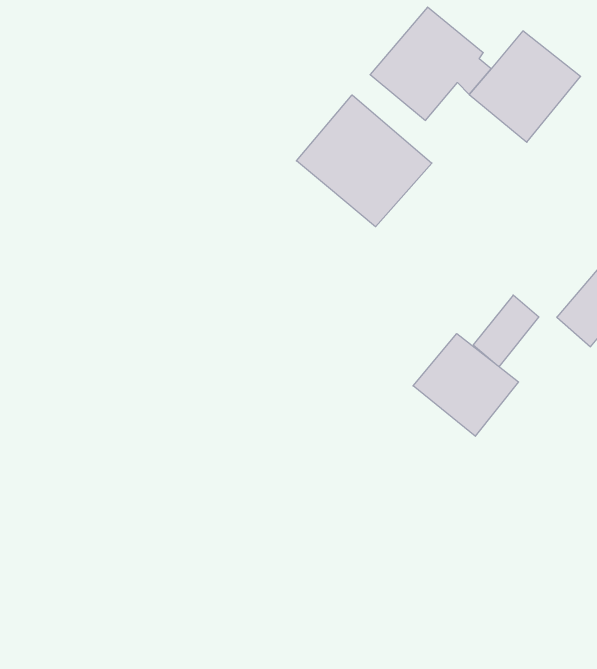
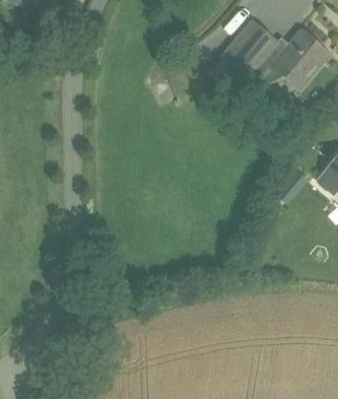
building: [296,95,432,227] -> none
building: [413,334,519,436] -> none

